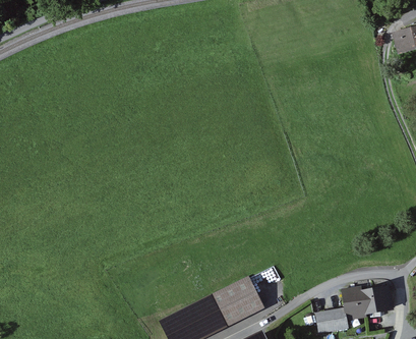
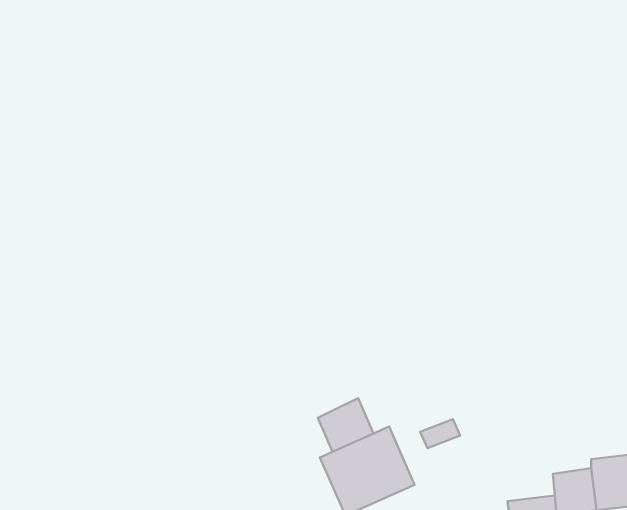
building: none -> [318,398,374,452]

